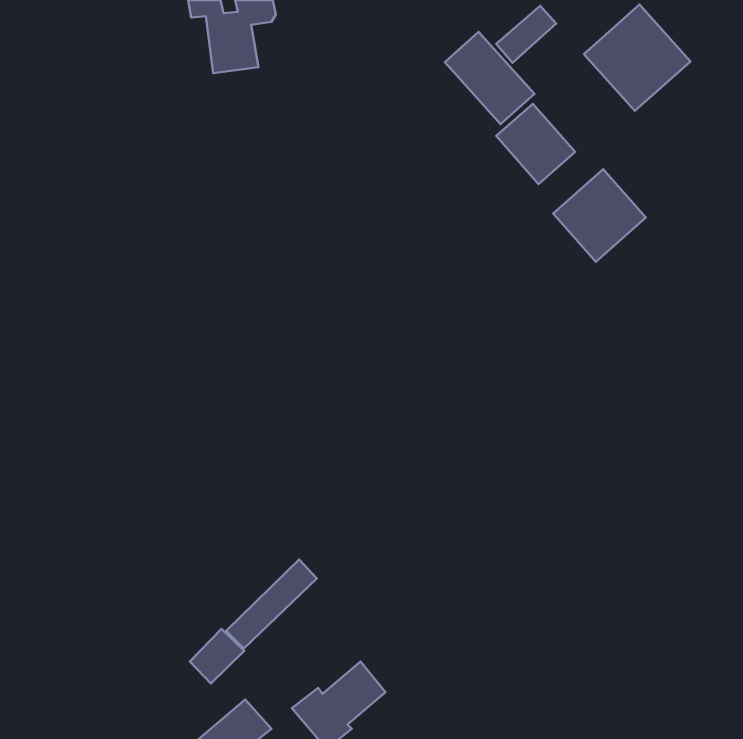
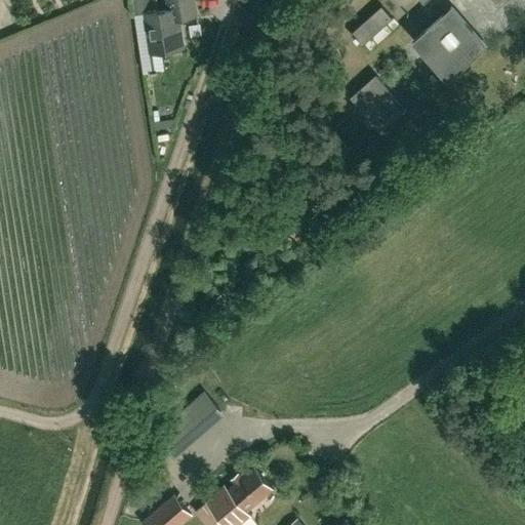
building: [445,32,534,124] -> none
building: [553,169,646,262] -> none
building: [190,629,244,683] -> none

